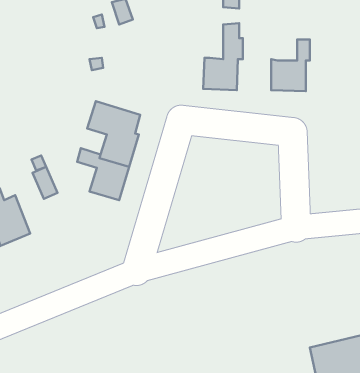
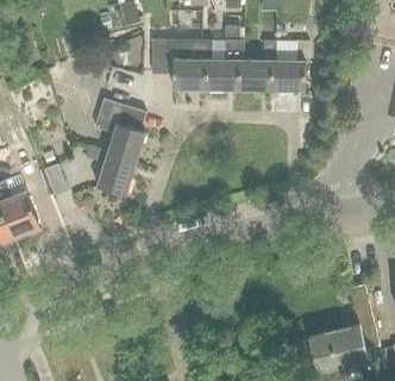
building: none -> [151,37,212,87]
building: none -> [238,39,277,88]

